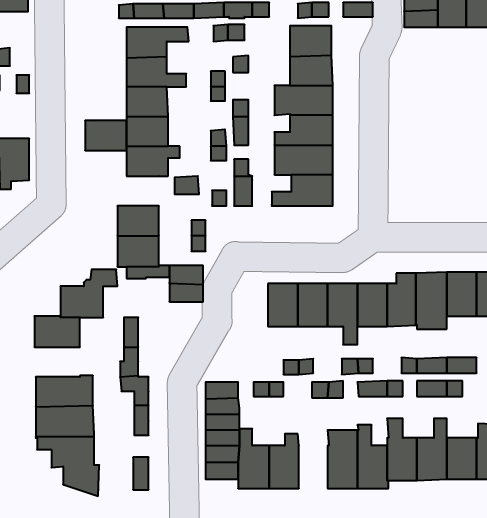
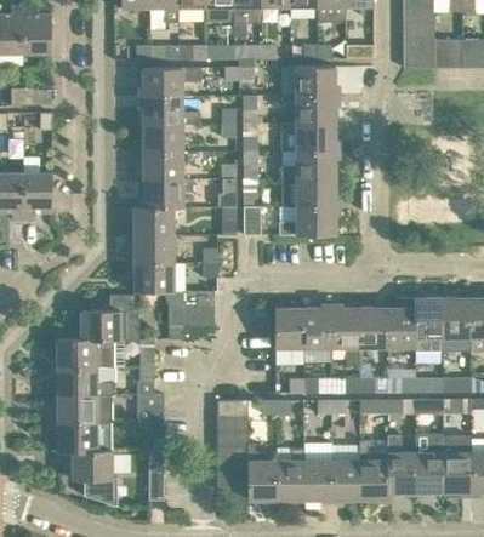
building: [85,121,127,150] -> [135,207,173,235]
building: none -> [57,367,114,395]
building: none -> [304,459,331,499]

